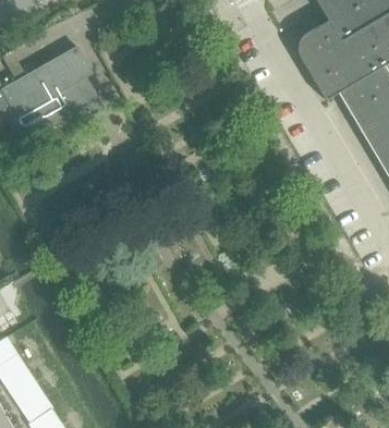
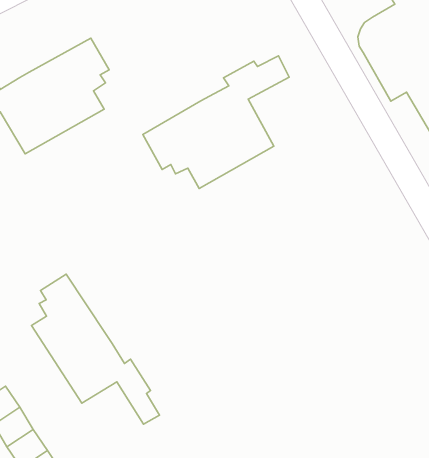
building: none -> [143,56,289,188]
building: none -> [31,274,160,424]

